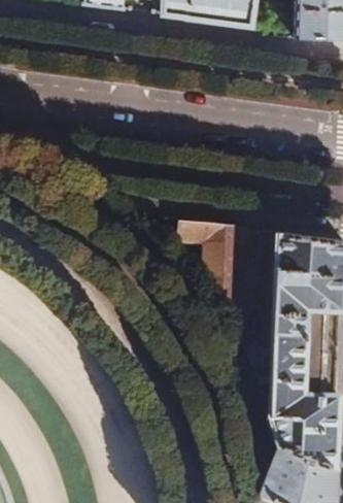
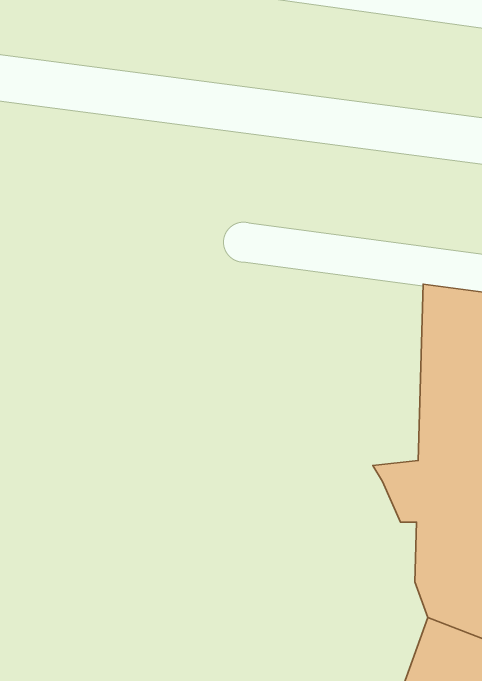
building: [147,212,236,330] -> none

